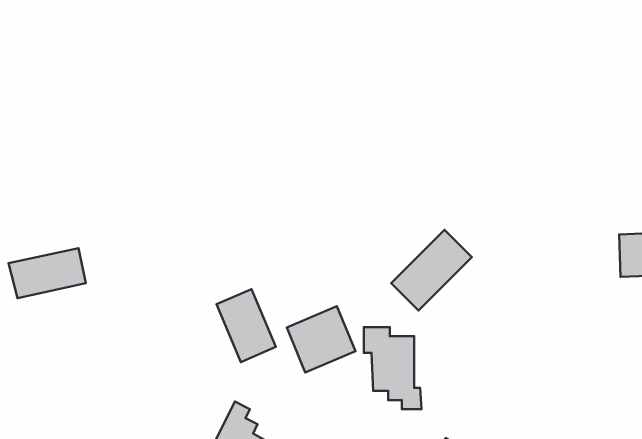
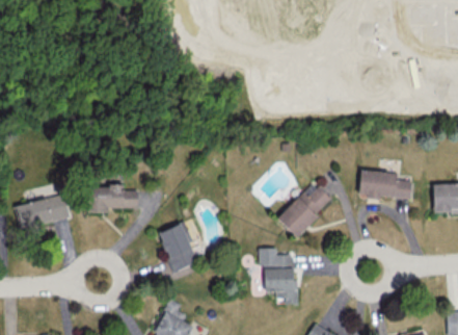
building: none -> [359,172,411,199]
building: none -> [87,176,137,213]
building: [287,306,355,372] -> none

